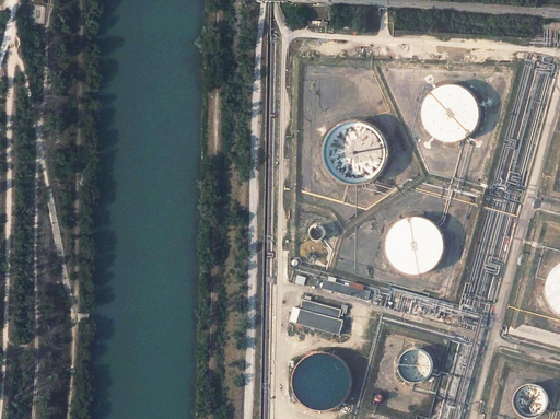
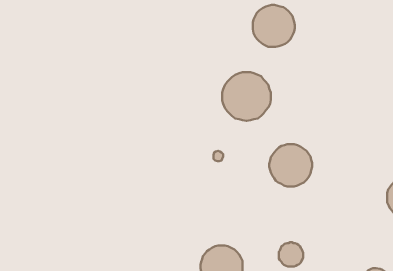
building: [422,84,479,141] -> [253,5,295,47]
building: [294,300,341,335] -> none

